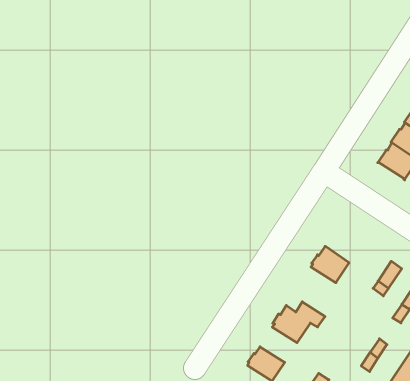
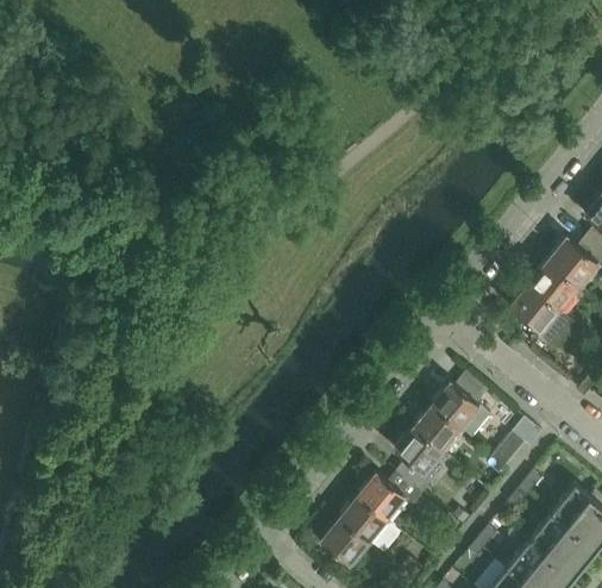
building: none -> [434,381,481,427]
building: none -> [396,427,443,490]
building: none -> [340,496,387,542]

